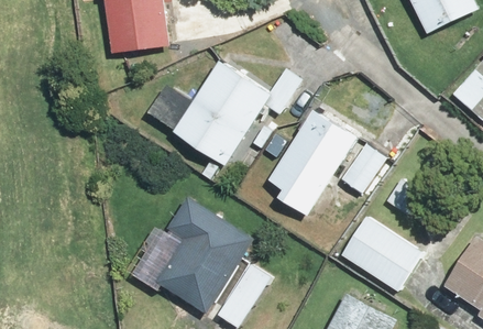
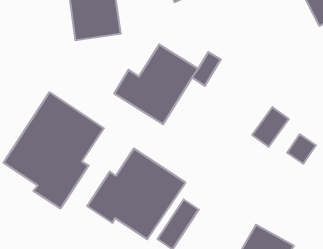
building: [270,109,355,213] -> none
building: none -> [4,92,104,208]
building: [342,215,421,289] -> none

